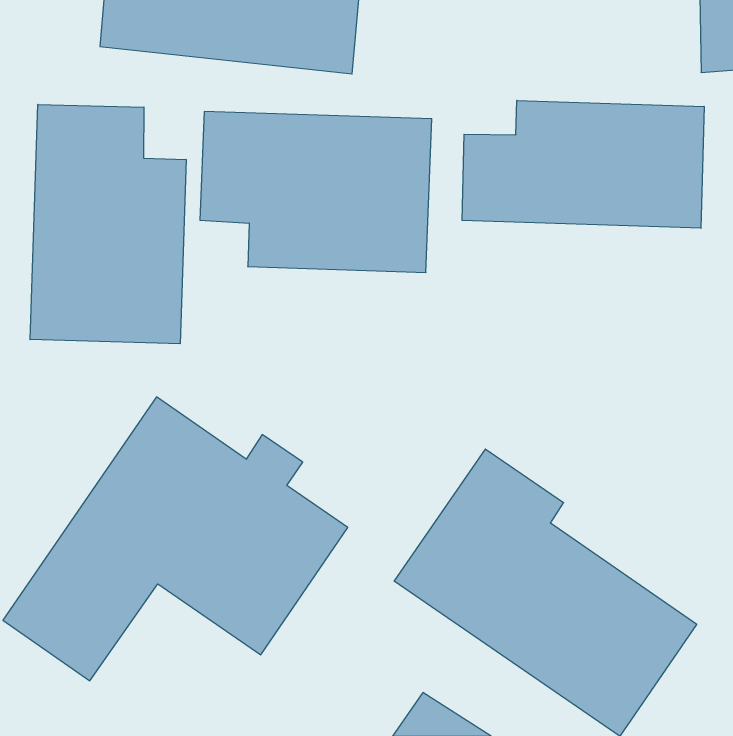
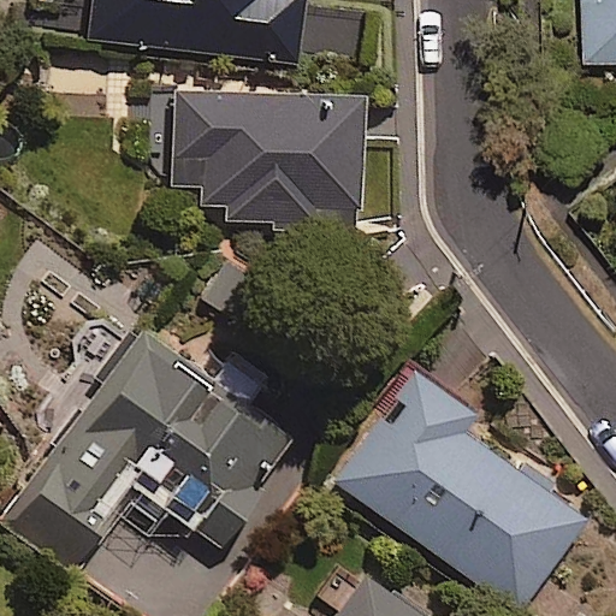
building: [462,100,704,228] -> none
building: [30,104,186,344] -> none

